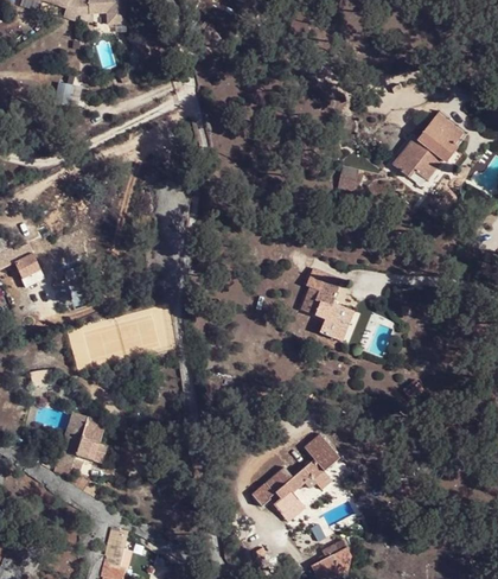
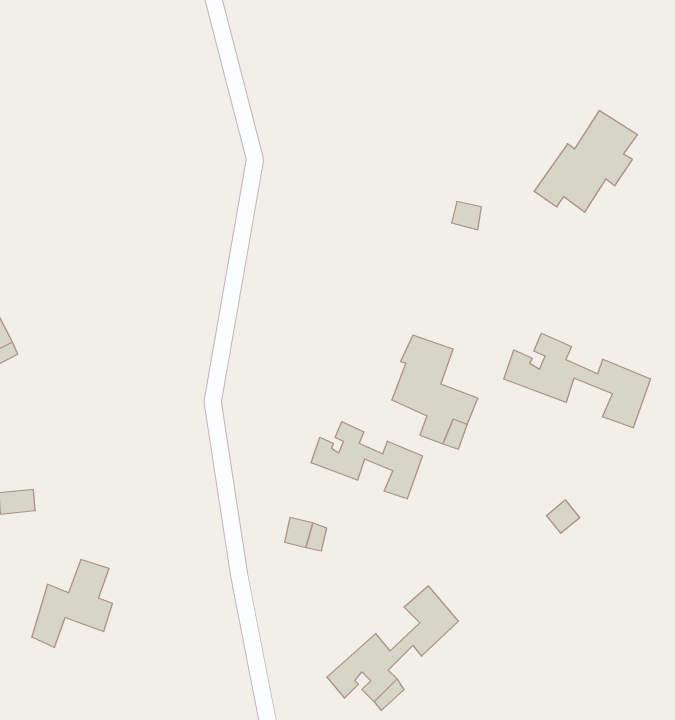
building: none -> [504,333,650,428]
building: none -> [311,422,423,499]

